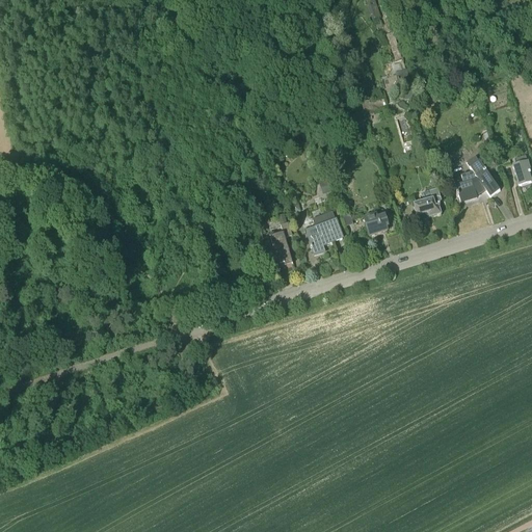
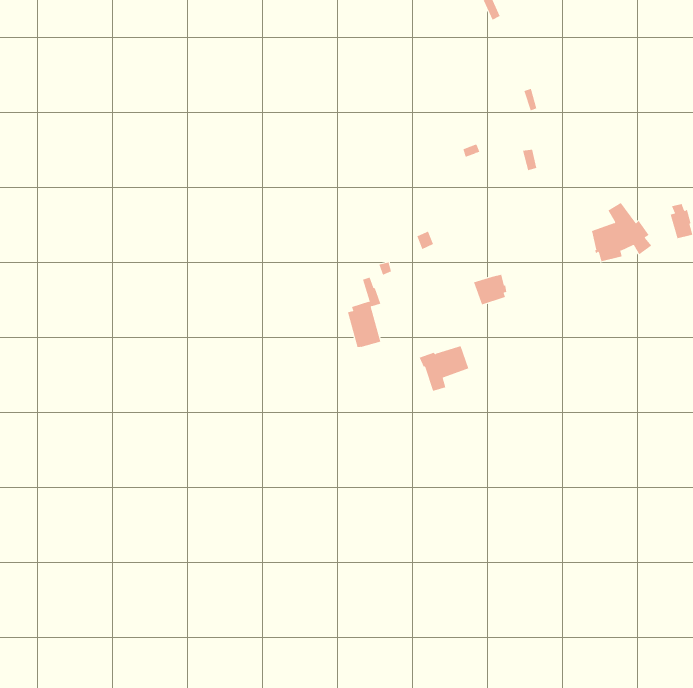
building: [414,187,442,217] -> none
building: [303,218,342,254] -> [419,345,469,392]

